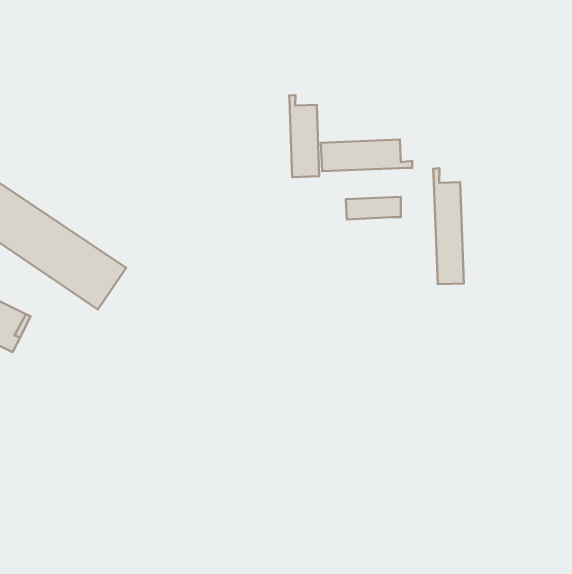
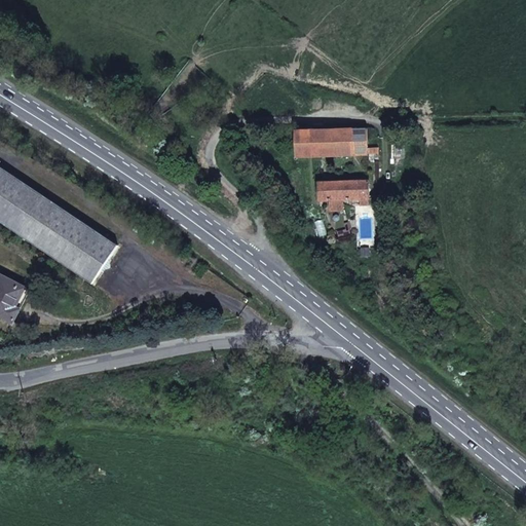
building: [289,95,319,177] -> none
building: [433,168,464,284] -> none

